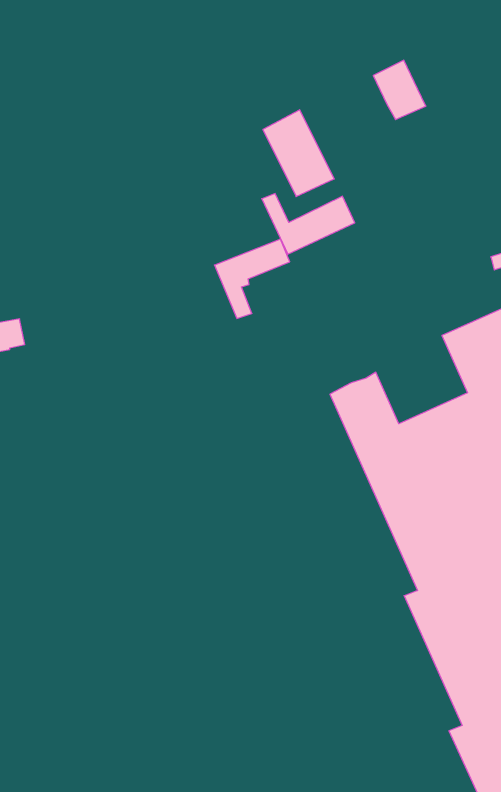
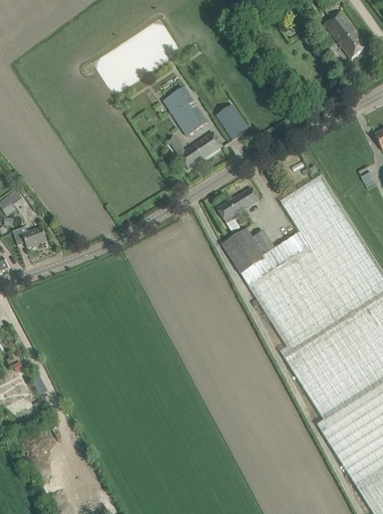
building: [373,60,426,120] -> [217,104,249,139]
building: [214,239,290,318] -> [217,188,259,236]

